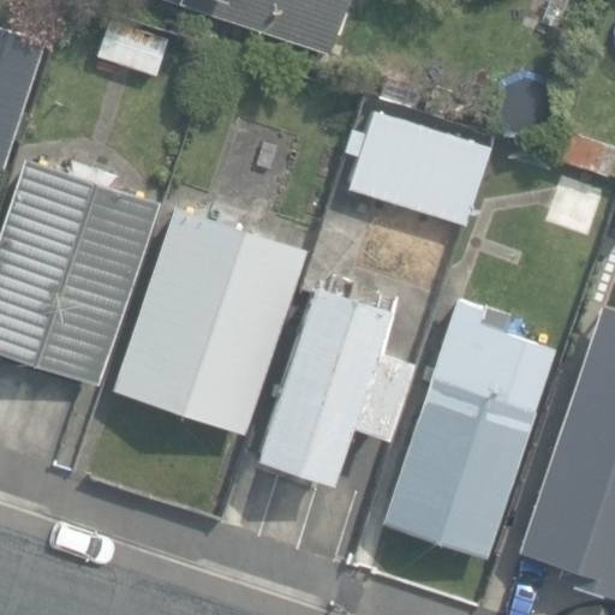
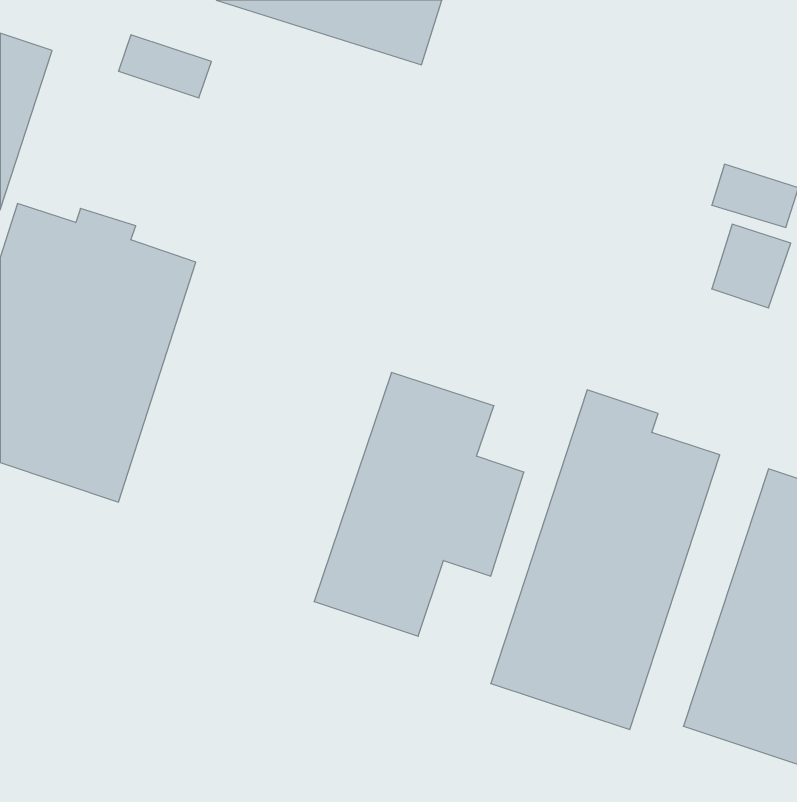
building: [344,109,492,227] -> none
building: [114,209,308,434] -> none

